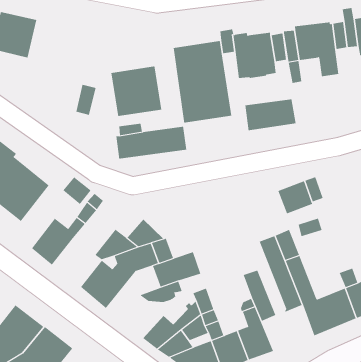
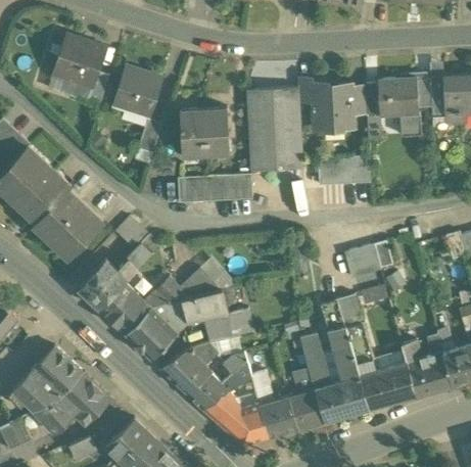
building: none -> [112,67,161,115]
building: none -> [198,255,238,291]
building: none -> [97,282,150,334]
building: none -> [159,348,210,394]
building: none -> [314,375,368,421]

